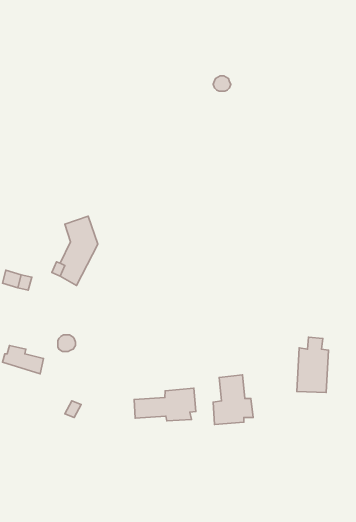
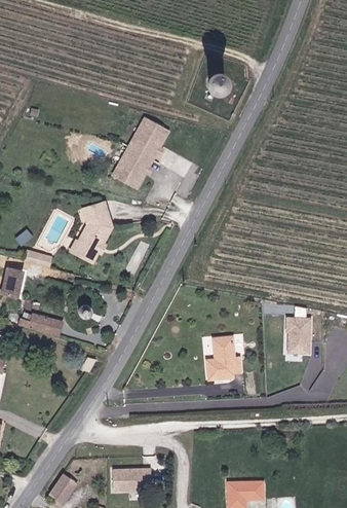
building: none -> [113,115,167,186]
building: [134,388,196,421] -> none

